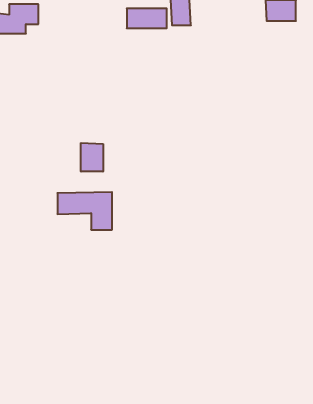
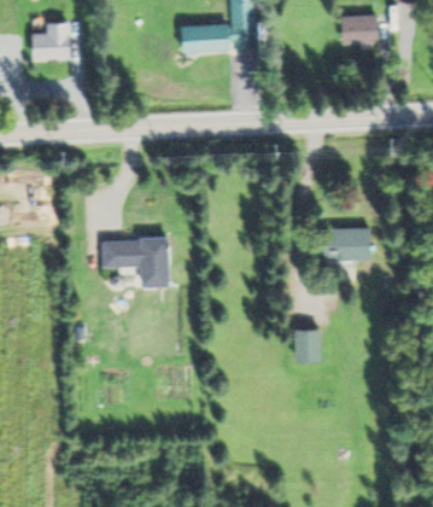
building: [81,143,103,172] -> none
building: none -> [328,233,369,260]
building: none -> [294,330,320,360]

